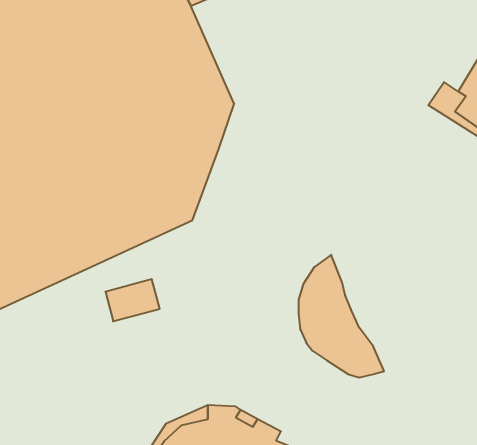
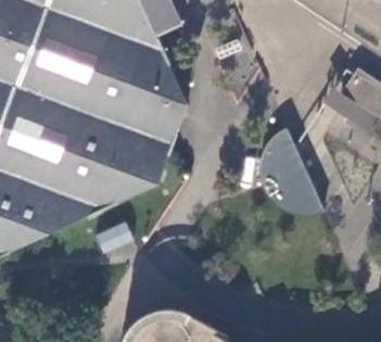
building: [299,255,384,377] -> [263,128,322,214]

